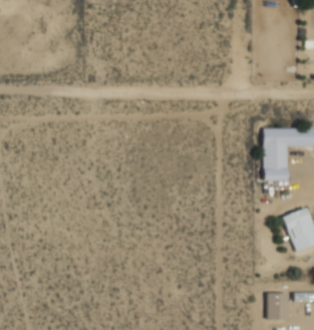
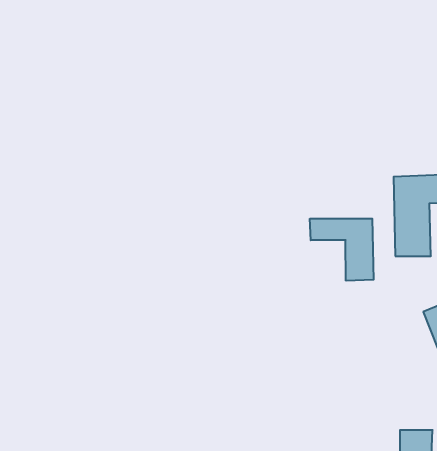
building: none -> [310,219,374,281]

